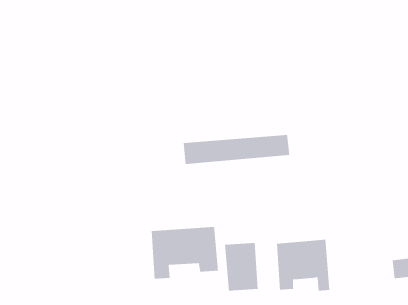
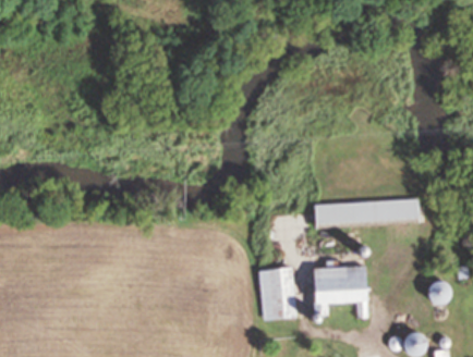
building: [183,134,290,165] -> [310,197,422,229]
building: [151,226,219,279] -> none

